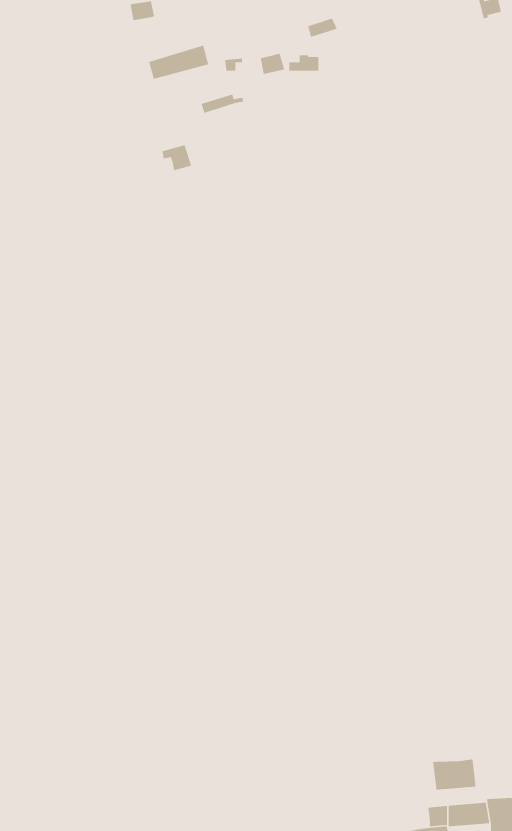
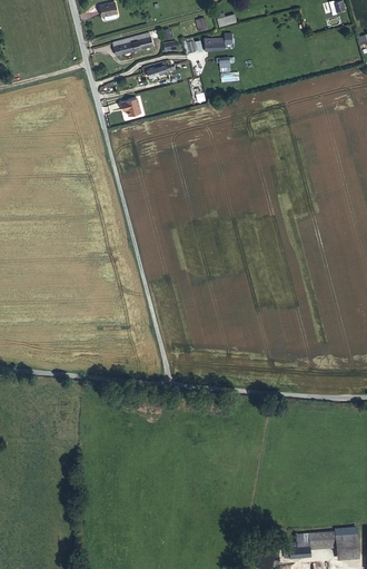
building: [432,758,476,790] -> none

